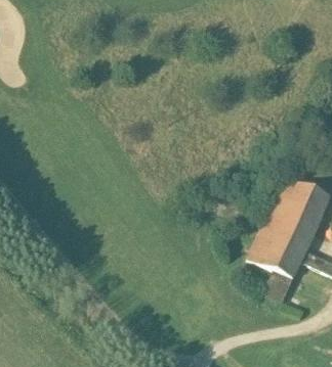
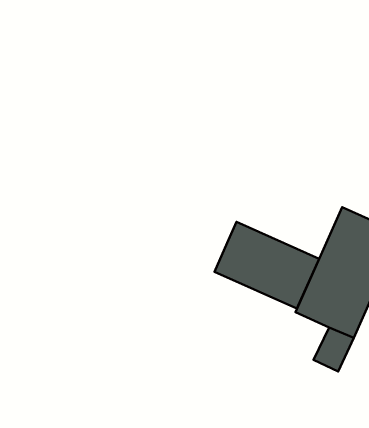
building: none -> [215,222,319,309]

